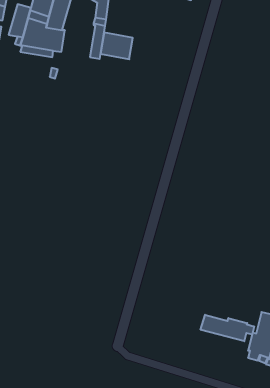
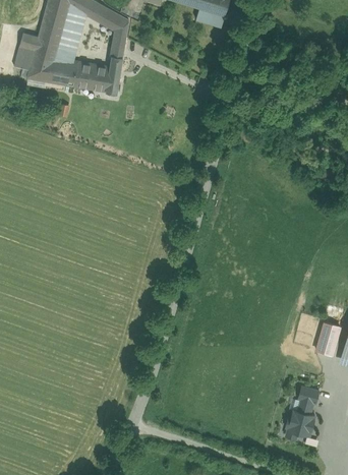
building: [101,32,133,59] -> [73,62,110,93]
building: [201,315,254,341] -> none

